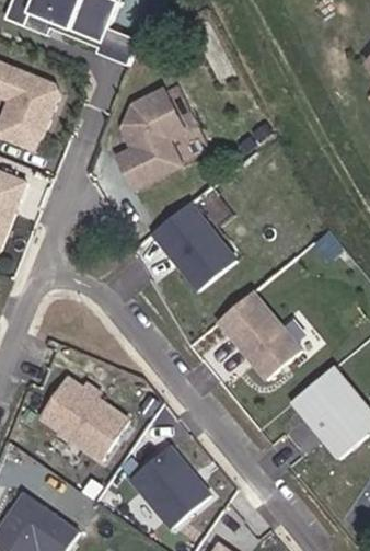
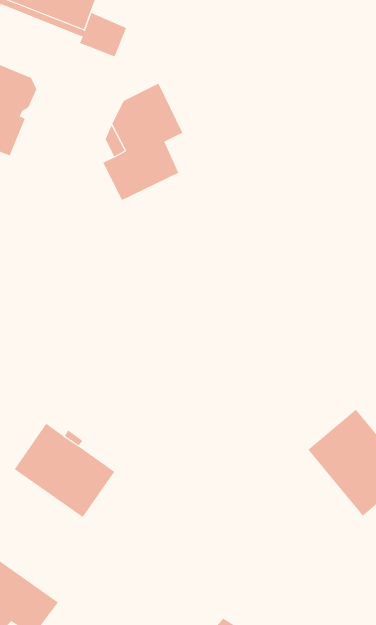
building: [152,200,236,289] -> none
building: [217,289,301,378] -> none
building: [130,444,210,526] -> none

